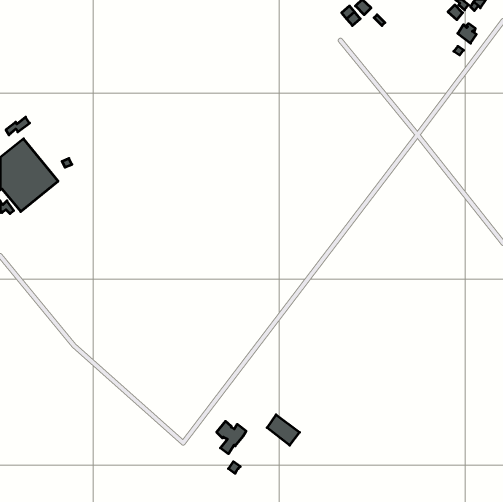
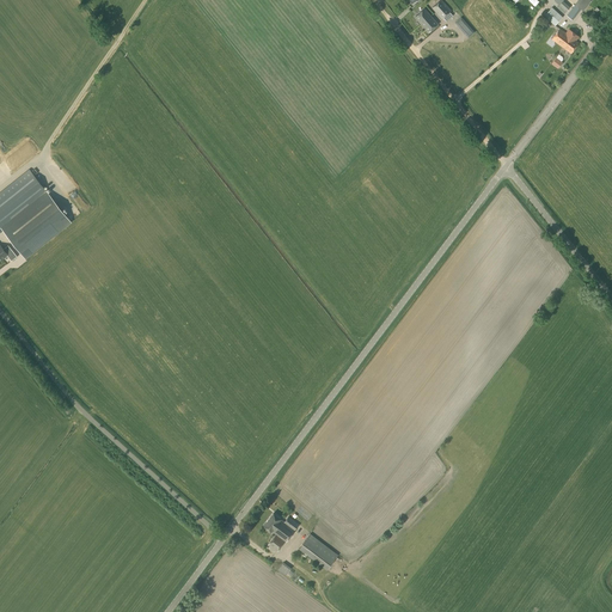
building: [267,415,300,445] -> [299,532,338,569]

